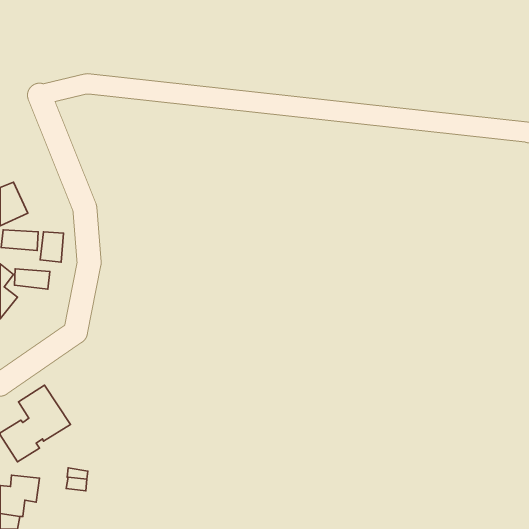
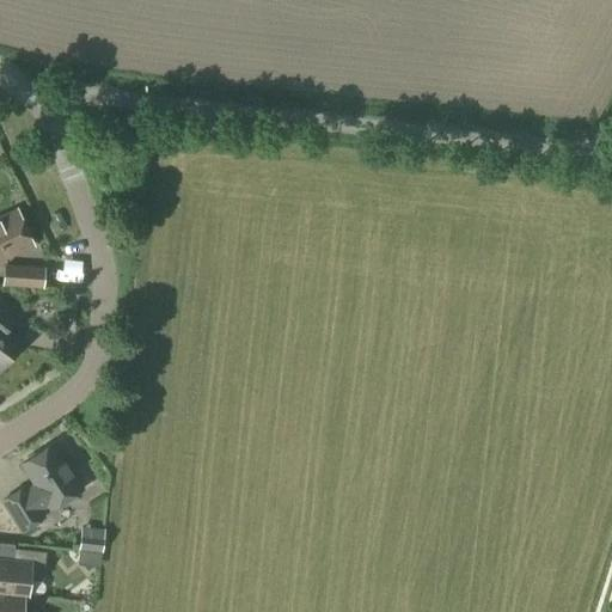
building: [40,232,64,262] -> none
building: [14,269,50,289] -> none

